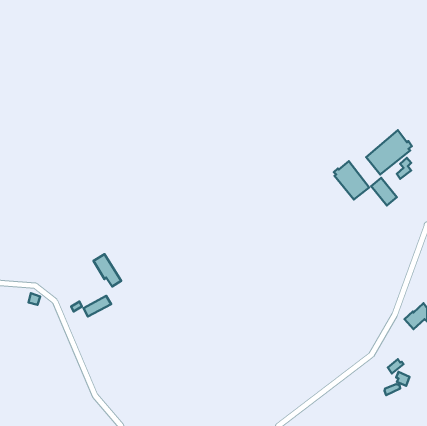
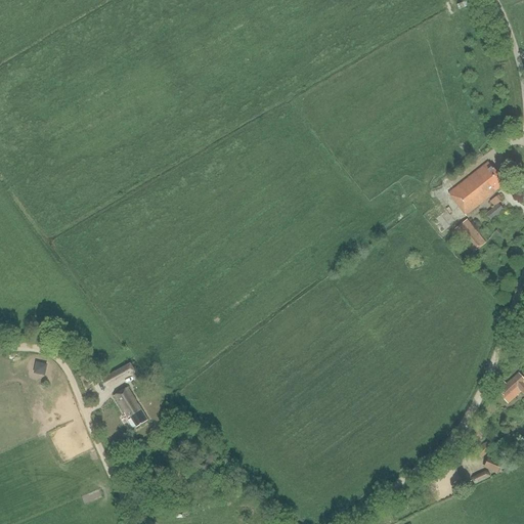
building: [334,161,369,200] -> none
building: [94,254,121,287] -> [115,386,148,426]

